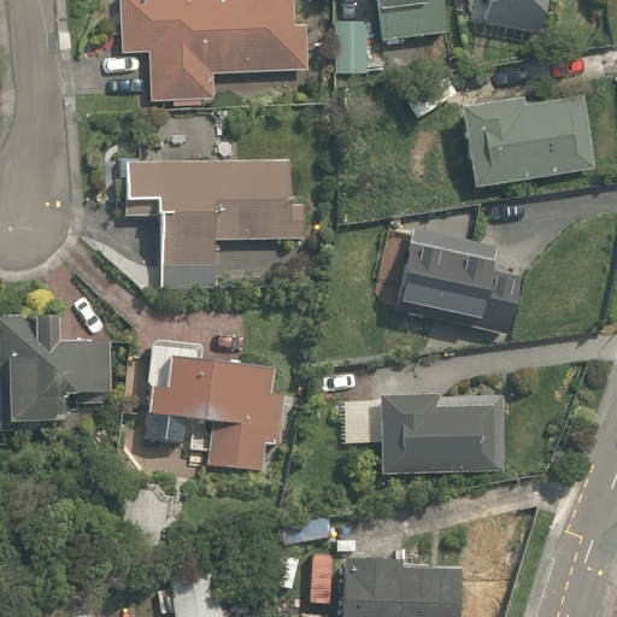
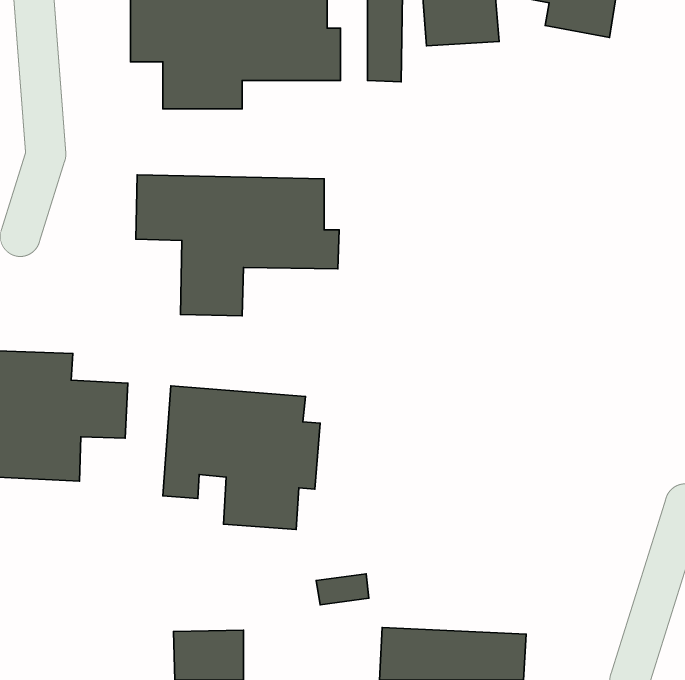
building: [463,96,588,188] -> none
building: [404,234,527,327] -> none
building: [340,395,503,475] -> none

